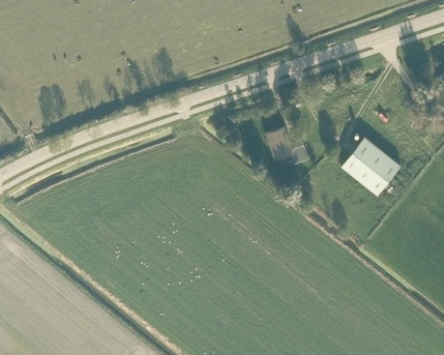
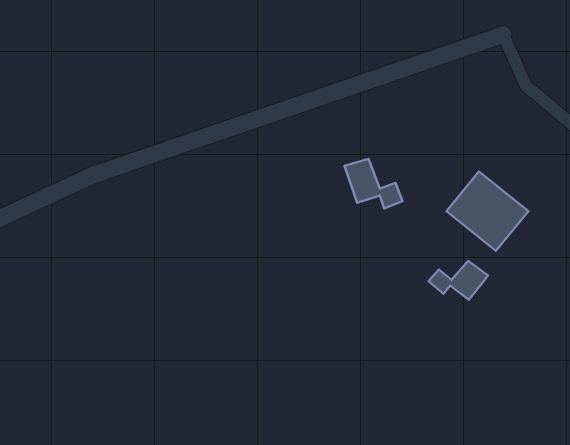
building: none -> [429,261,488,300]

